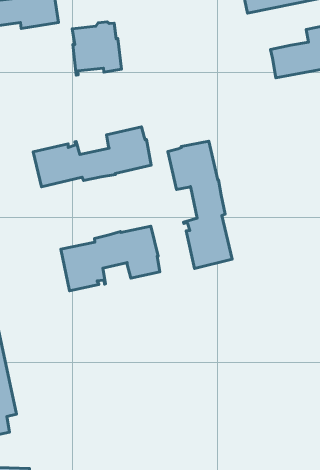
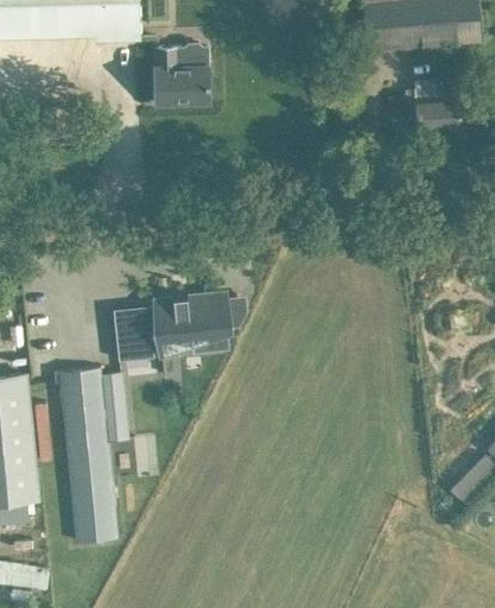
building: [33,127,151,187] -> none
building: [168,141,232,268] -> none
building: none -> [61,367,129,542]

